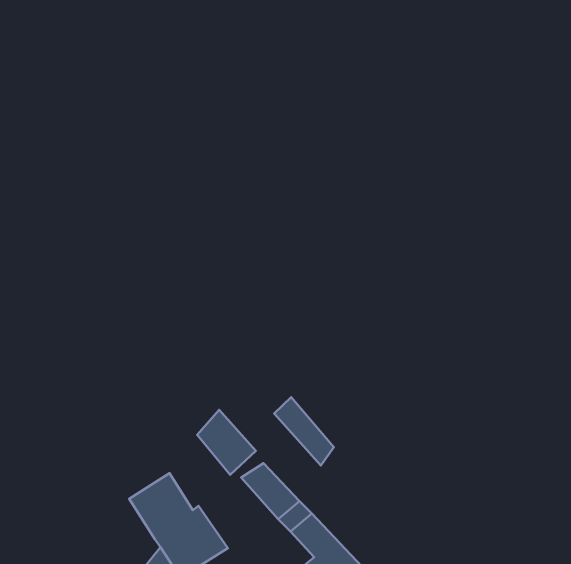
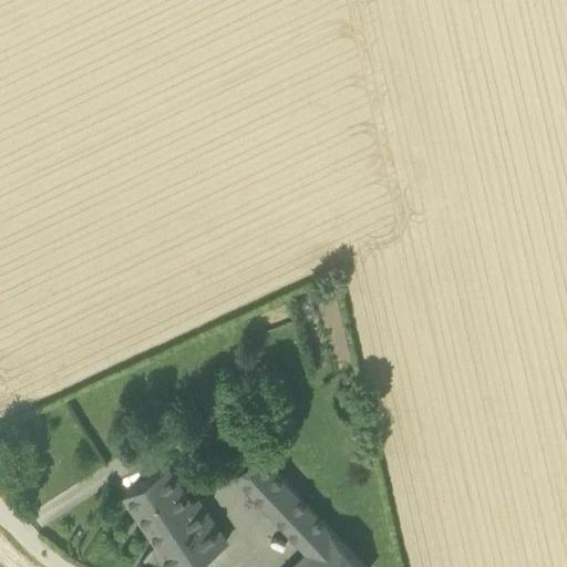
building: [274,397,334,466] -> none
building: [197,410,256,475] -> none

